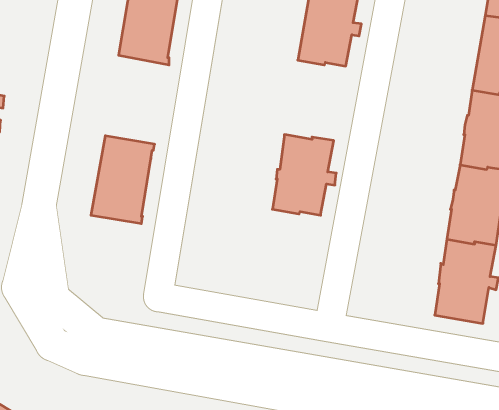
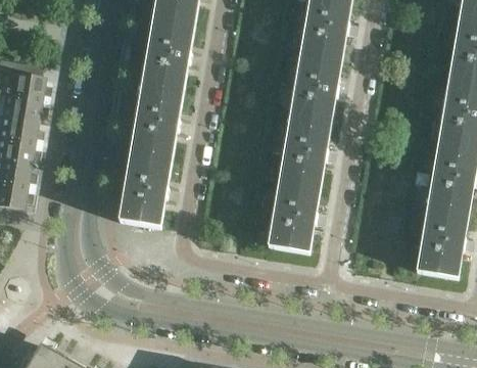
building: none -> [136,51,190,127]
building: none -> [288,55,343,124]
building: none -> [267,182,322,254]
building: none -> [118,187,166,228]

